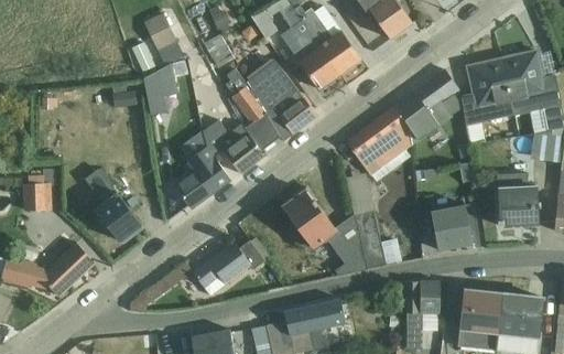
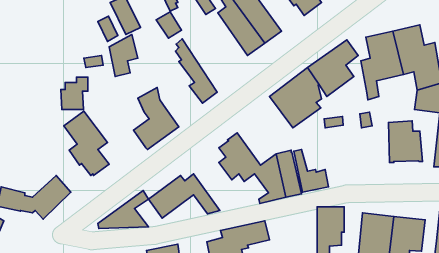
building: [247,58,317,135] -> none
building: [204,120,265,174] -> none
building: [23,169,57,210] -> [61,77,88,109]
building: [431,204,473,250] -> none

